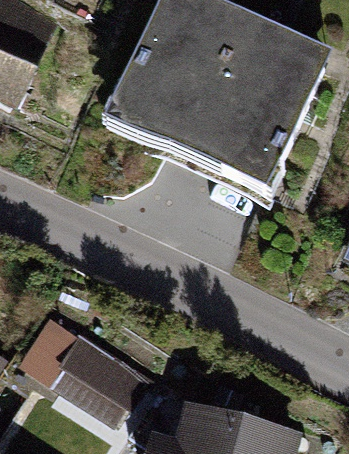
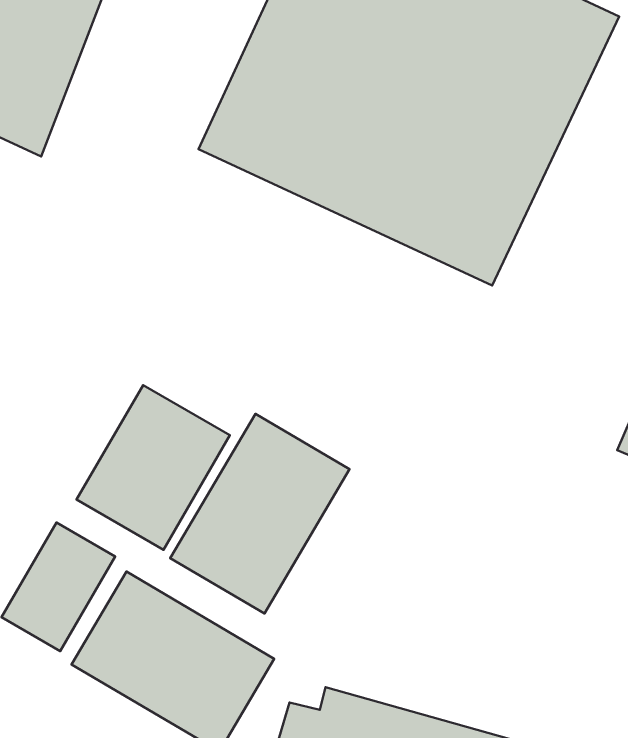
building: none -> [77,385,230,550]
building: none -> [170,414,350,614]

